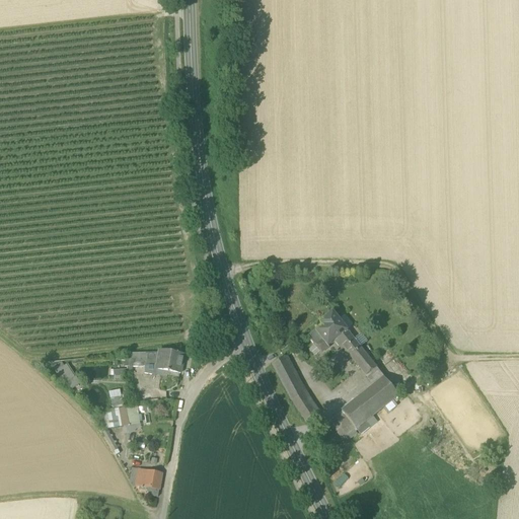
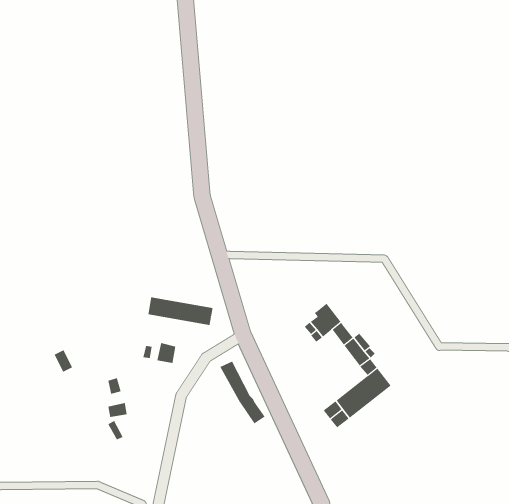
building: none -> [148,297,213,326]
building: [272,355,318,420] -> [220,361,265,425]
building: [136,466,162,494] -> none

